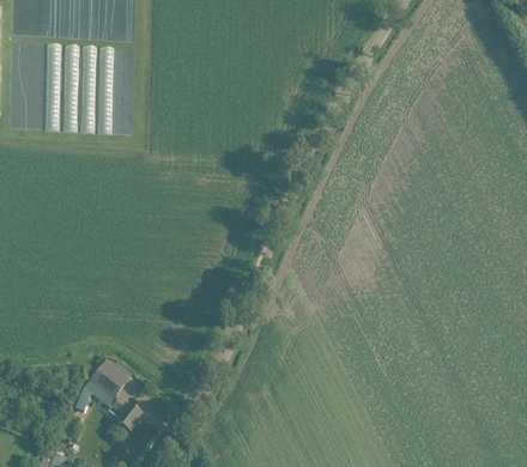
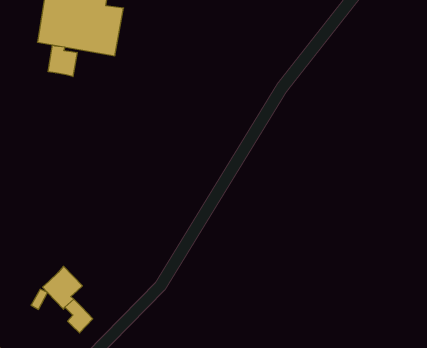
building: none -> [48,45,77,77]

